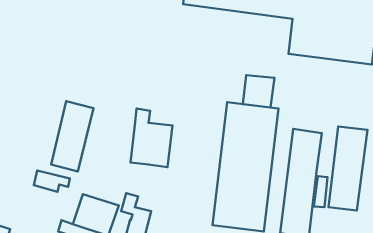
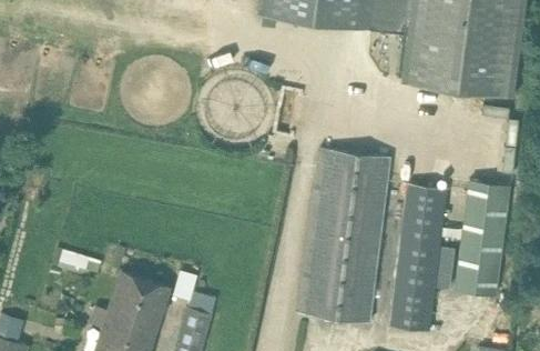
building: [243,75,274,107] -> none
building: [51,101,94,171] -> none
building: [130,109,173,167] -> none

